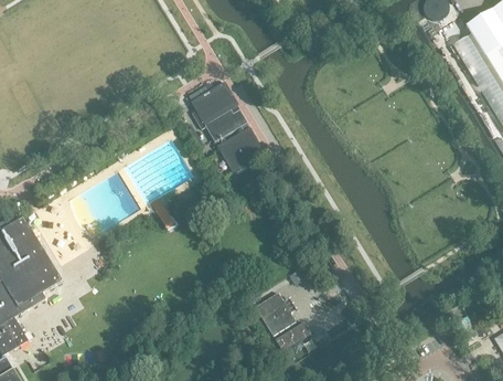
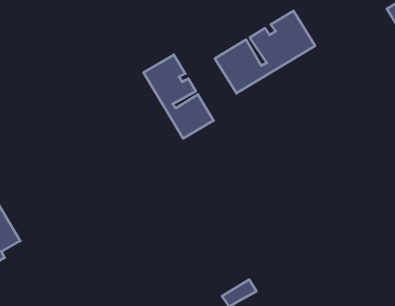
building: none -> [215,11,315,93]
building: [255,293,296,337] -> none

